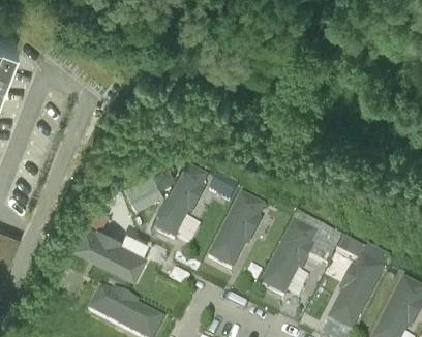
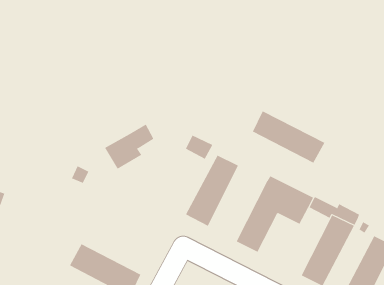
building: none -> [252,111,325,164]
building: [153,164,209,239] -> none
building: [74,221,149,276] -> none

